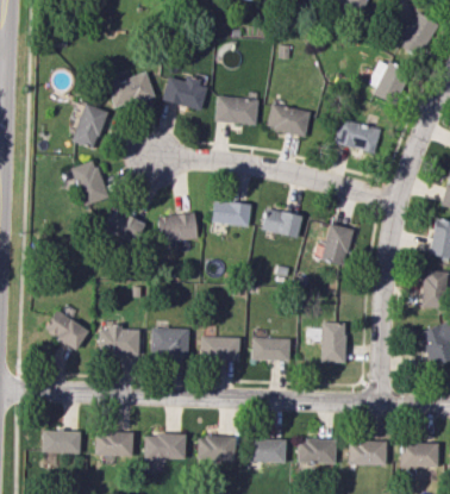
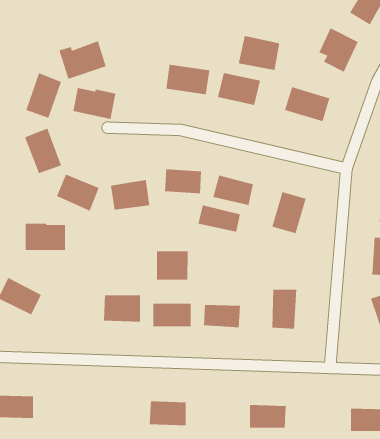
building: none -> [238,35,280,71]
building: [162,77,206,110] -> [72,88,116,119]
building: none -> [198,205,241,233]
building: none -> [156,250,188,280]
building: [98,327,139,355] -> [25,223,66,250]
building: [94,432,132,456] -> none
building: [144,434,186,461] -> none
building: [251,439,286,463] -> none
building: [349,440,386,465] -> none

